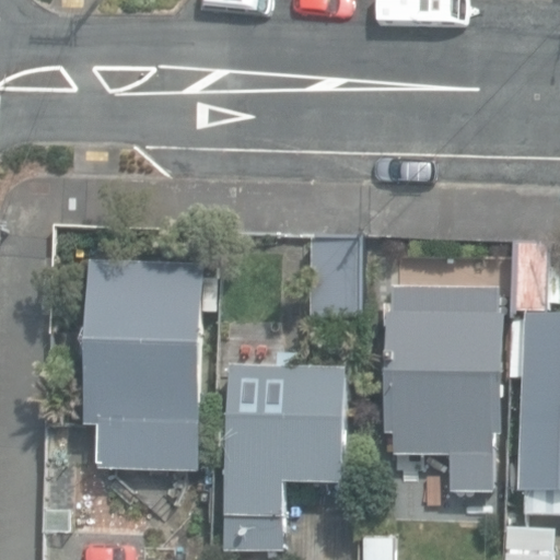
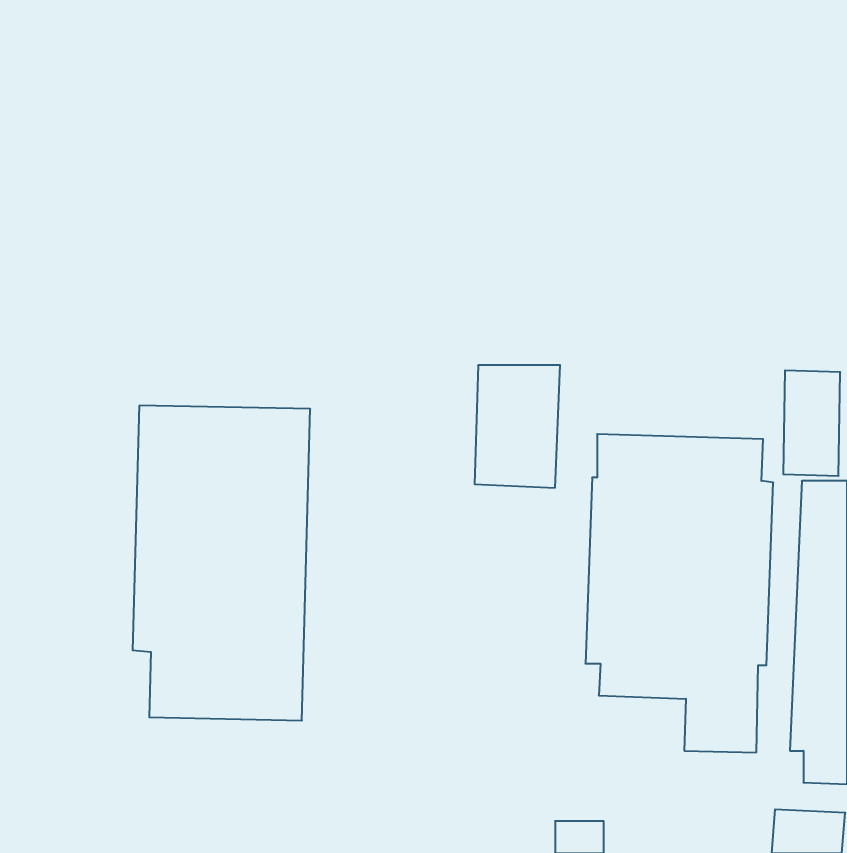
building: [222,353,349,551] -> none

